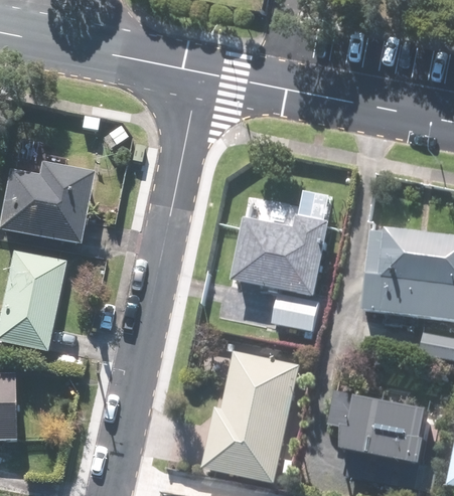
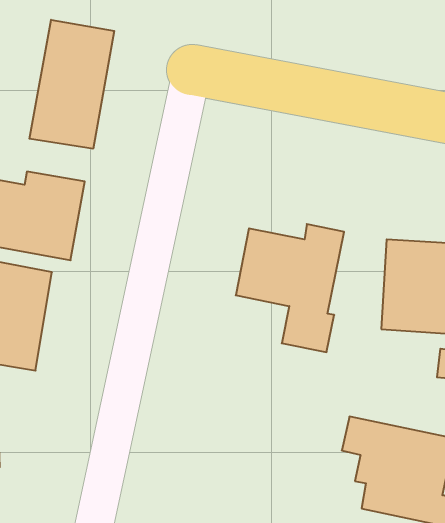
building: none -> [29,20,114,149]
building: [205,348,299,482] -> none

